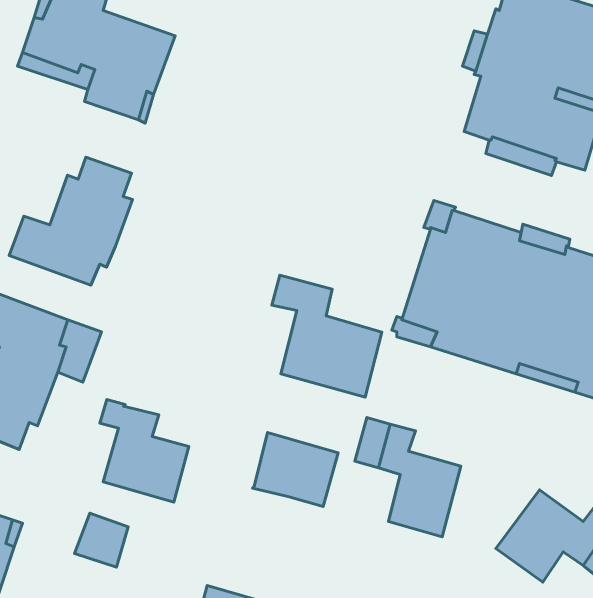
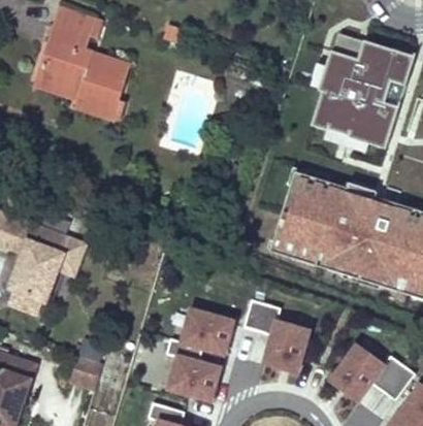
building: [9,157,132,285] -> none
building: [272,275,382,397] -> none
building: [100,400,189,502] -> [165,338,220,401]

